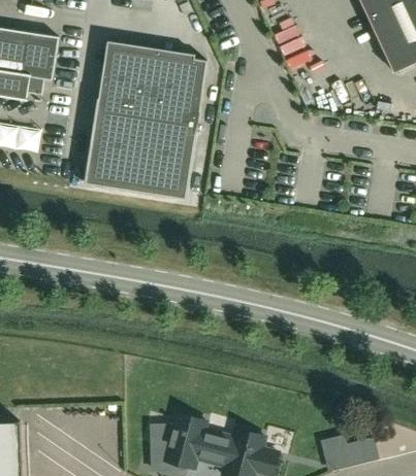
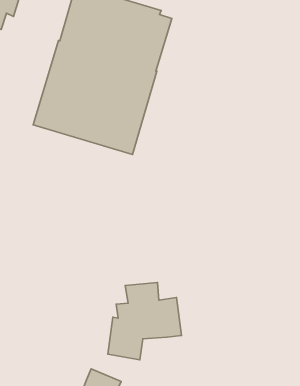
building: none -> [108,282,182,360]

